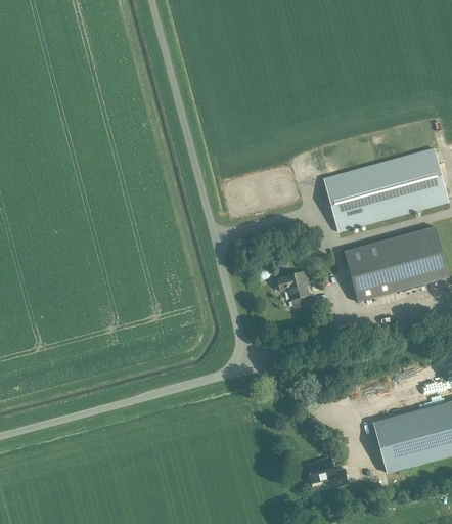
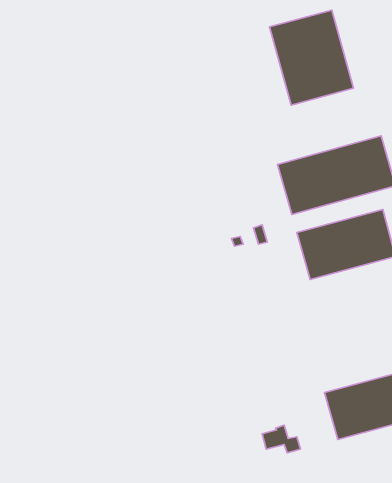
building: none -> [269,10,353,105]
building: [277,270,315,306] -> none

